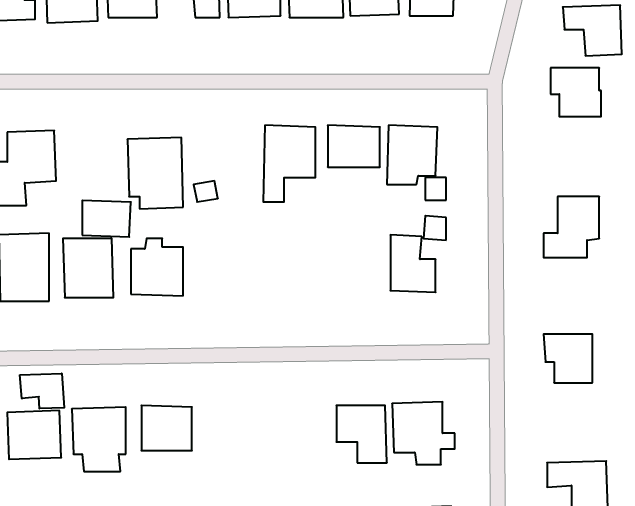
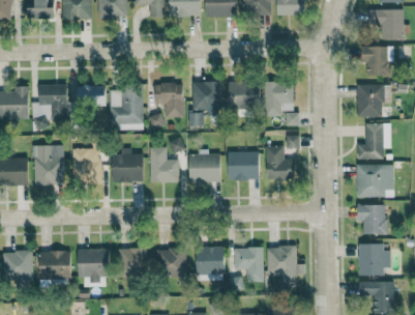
building: none -> [154,84,183,117]
building: none -> [357,84,390,117]
building: [82,200,131,237] -> [78,85,107,107]
building: none -> [149,147,178,182]
building: none -> [228,151,260,180]
building: none -> [189,154,220,182]
building: none -> [356,165,393,198]
building: [20,373,64,409] -> none
building: none -> [358,244,391,276]
building: none -> [196,247,225,274]
building: none -> [157,248,186,273]

